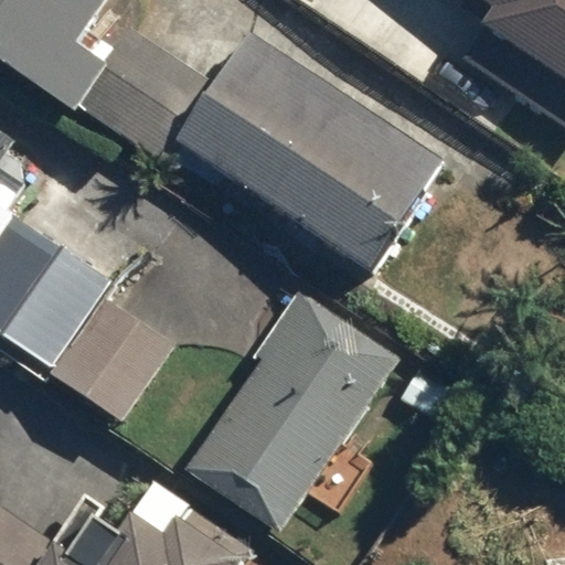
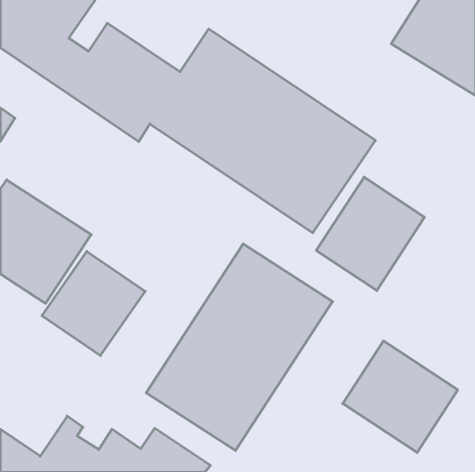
building: none -> [316,177,424,291]
building: none -> [343,341,458,453]

